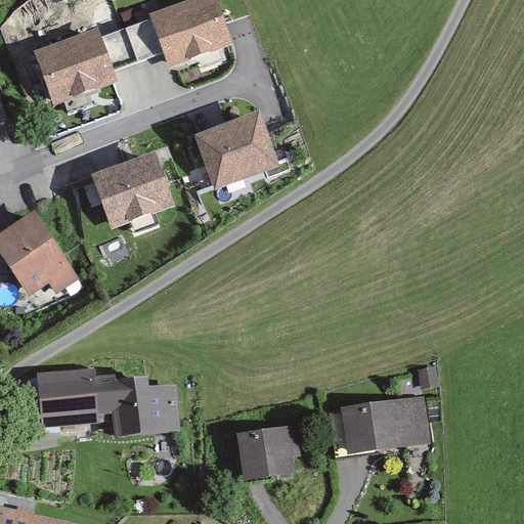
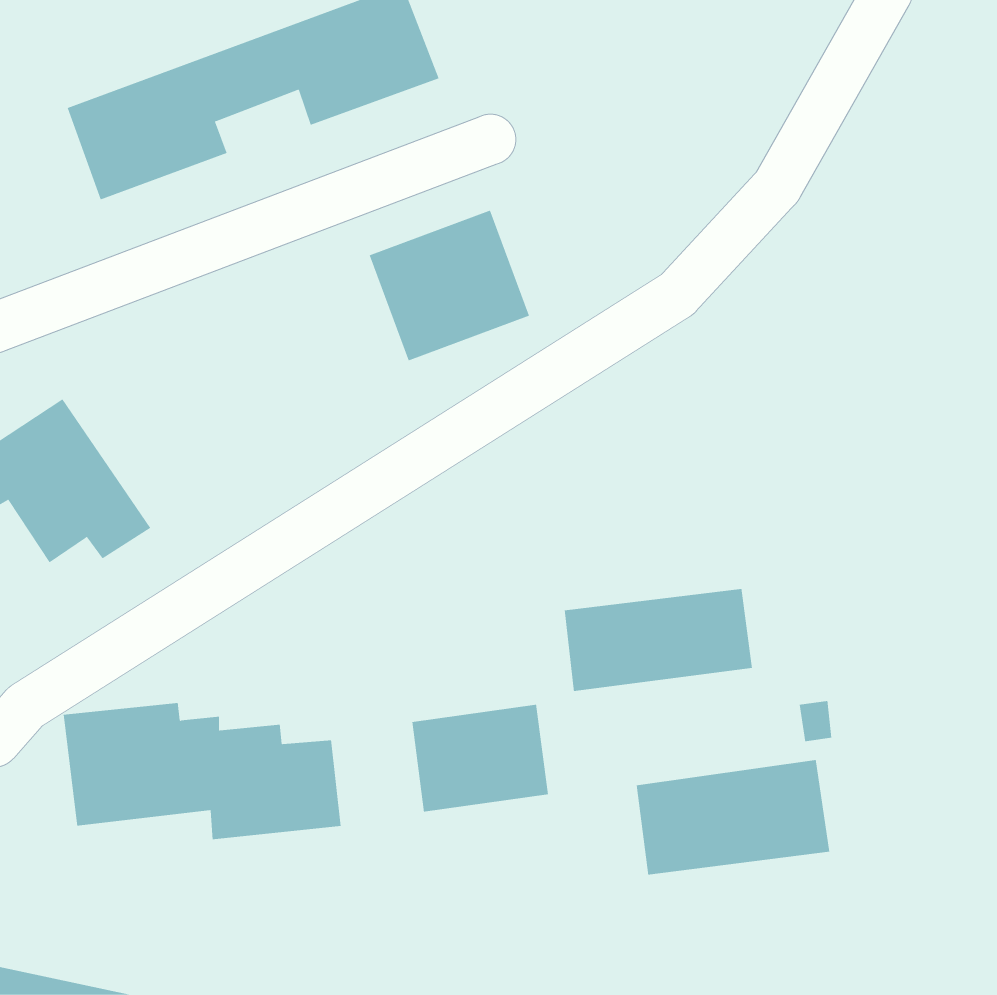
building: [90,150,174,227] -> none
building: none -> [564,588,752,692]
building: [234,424,306,480] -> [411,704,549,812]

